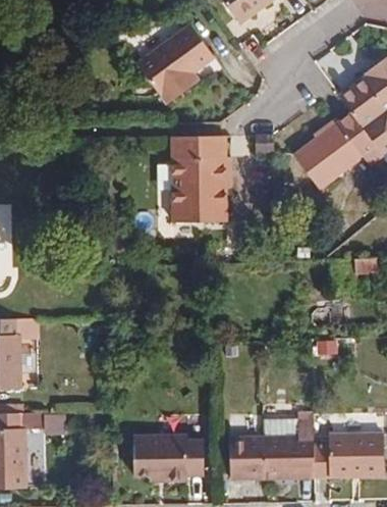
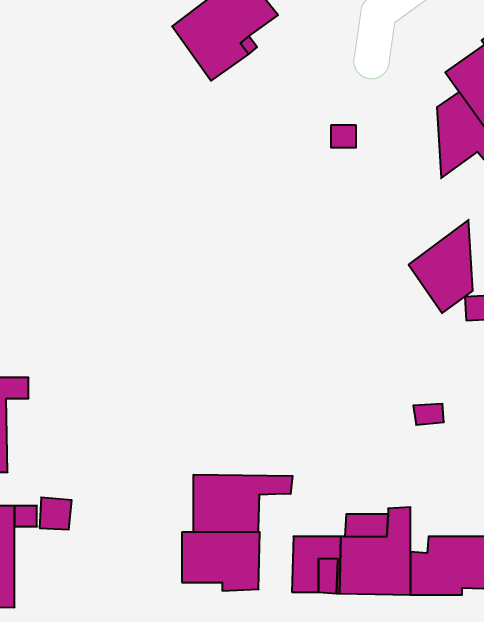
building: [290,121,337,190] -> [409,220,473,313]
building: [173,137,234,223] -> none
building: none -> [194,475,293,532]

